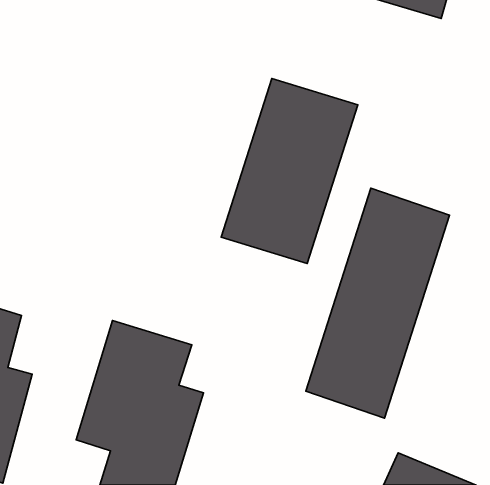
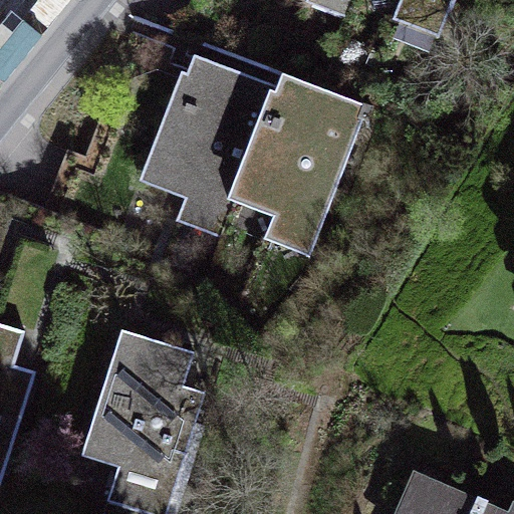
building: none -> [142,50,279,243]
building: [306,188,450,418] -> none

